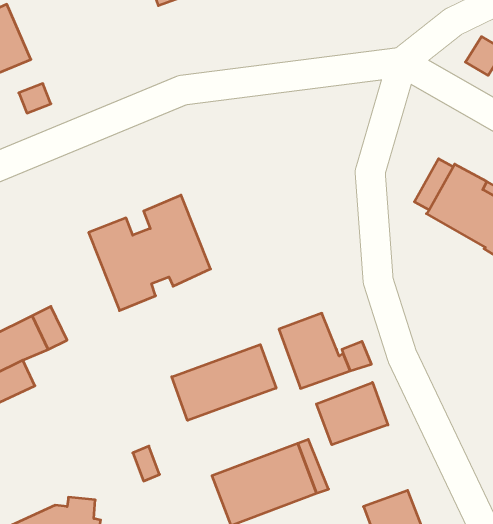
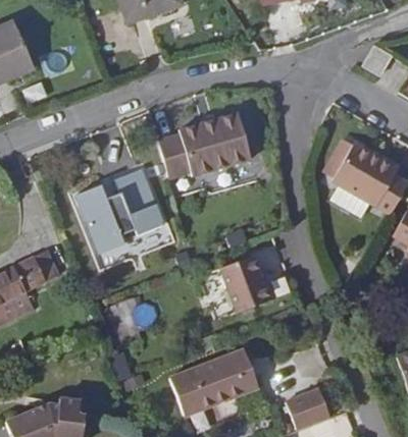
building: none -> [158,114,251,180]
building: [172,345,276,420] -> none
building: [316,382,388,445] -> none

